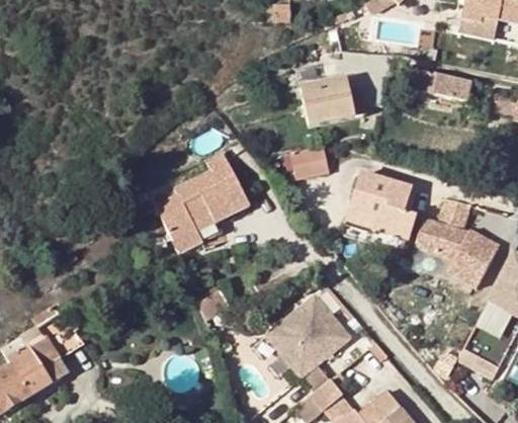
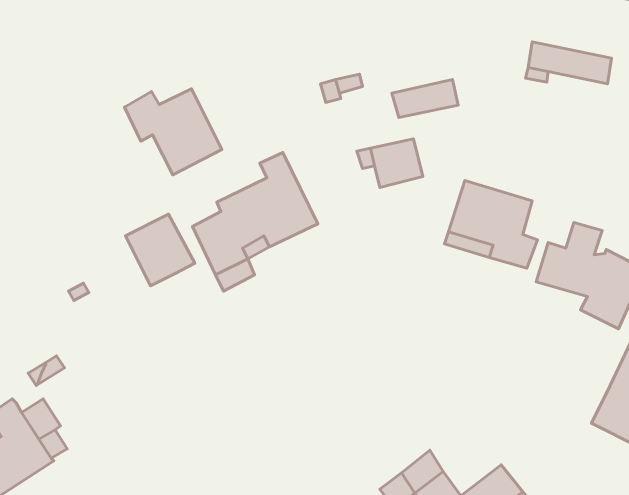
building: [301,77,351,108] -> none
building: none -> [124,89,222,175]
building: none -> [125,214,195,286]
building: [269,291,354,375] -> none

